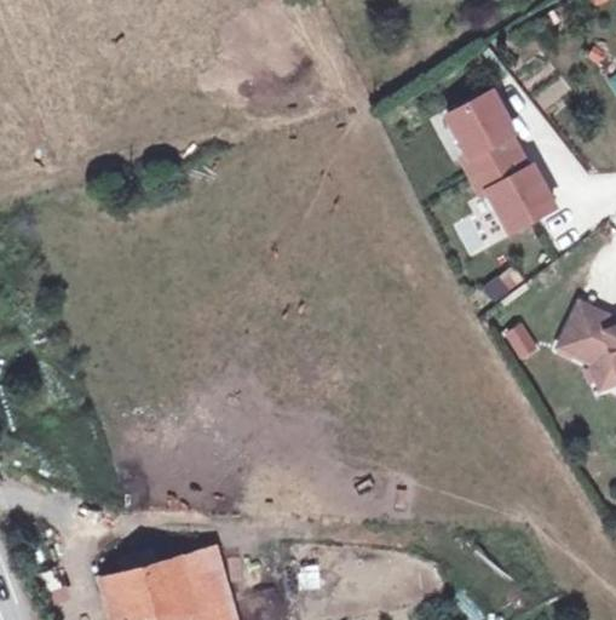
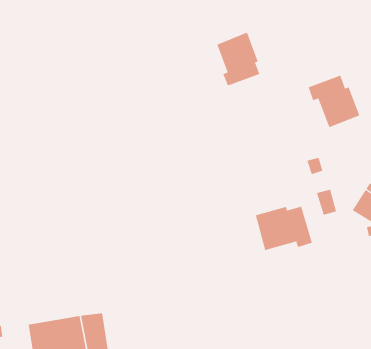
building: [448,91,518,174] -> [216,32,260,86]
building: none -> [255,206,312,251]

